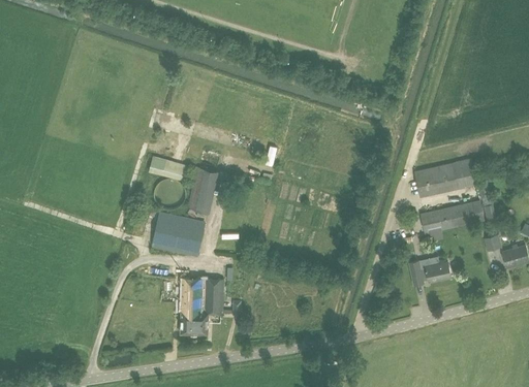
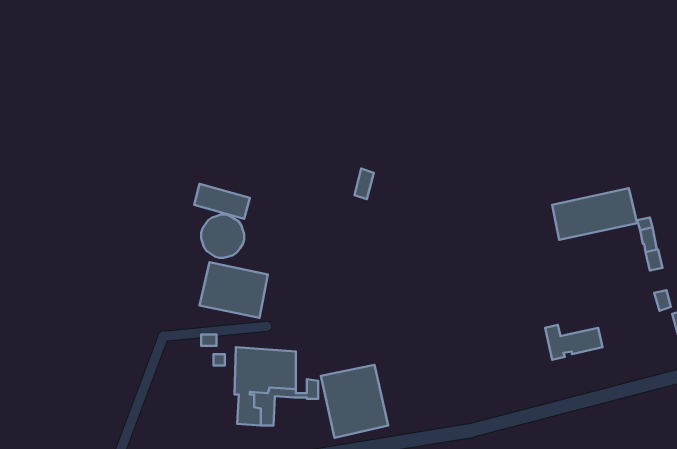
building: [188,165,219,215] -> none
building: [421,199,485,234] -> none
building: none -> [321,365,388,438]

